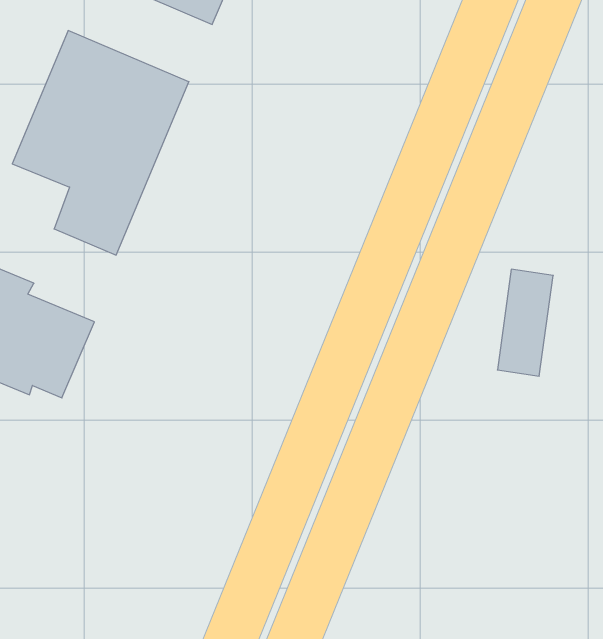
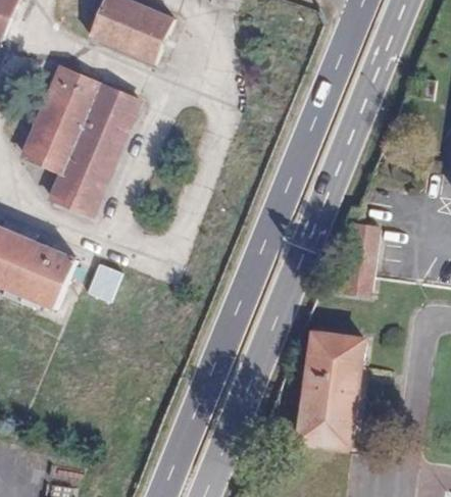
building: none -> [85,262,121,303]
building: none -> [298,333,363,446]

